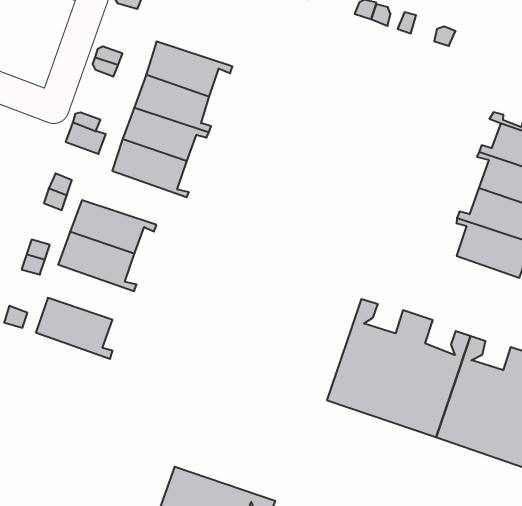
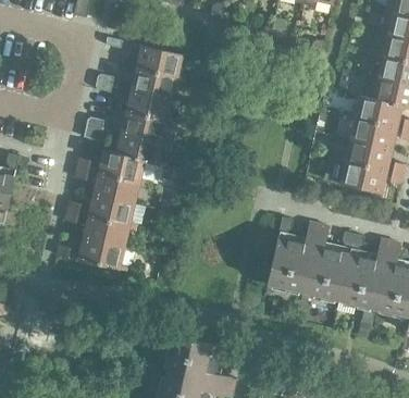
building: none -> [135,45,185,78]
building: none -> [98,150,164,184]
building: none -> [83,215,137,247]

